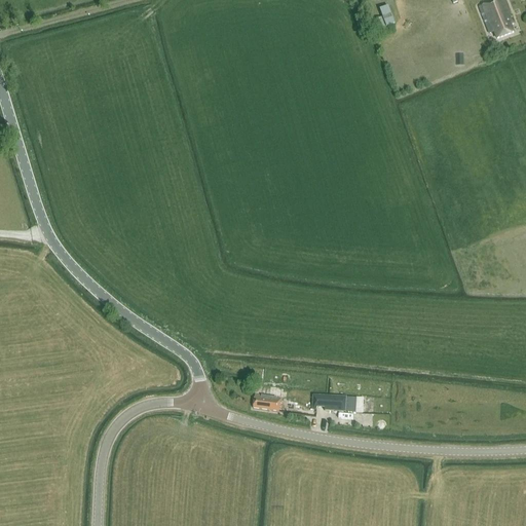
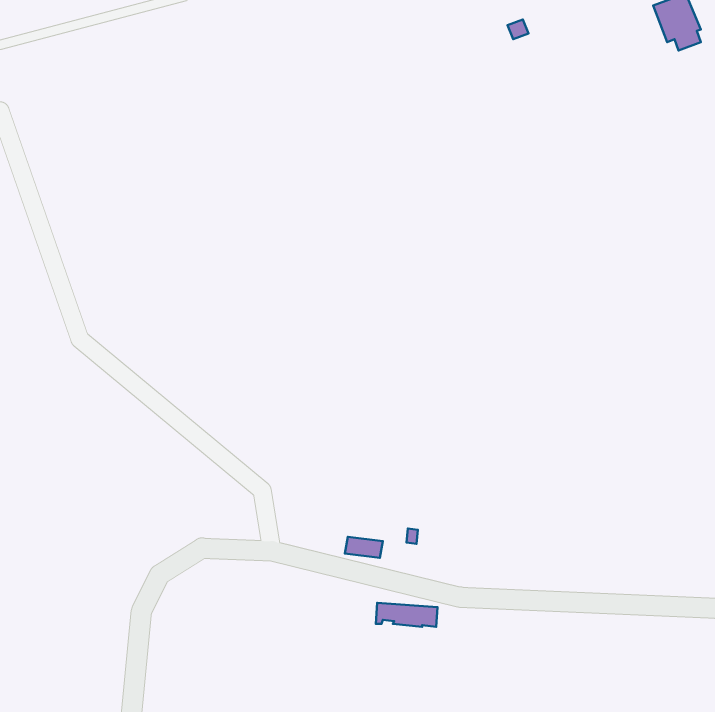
building: [312,392,358,410] -> [376,603,438,627]

